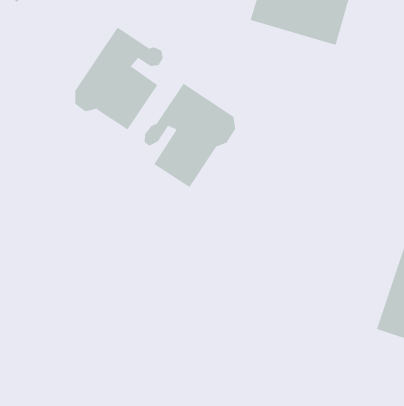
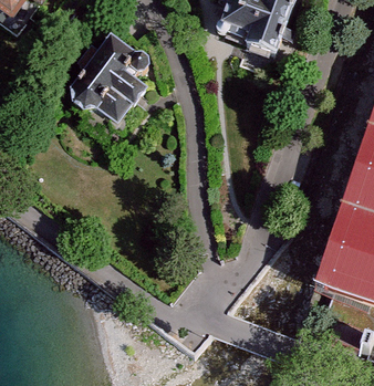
building: [144,83,236,188] -> none

